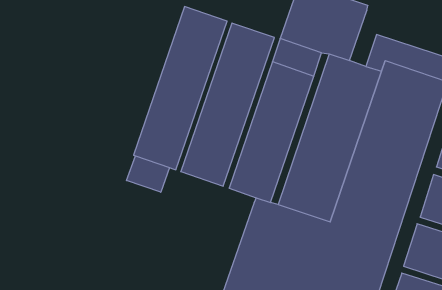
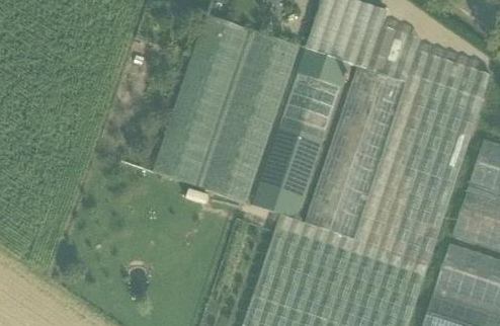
building: none -> [379,20,414,79]
building: [127,156,170,192] -> none

